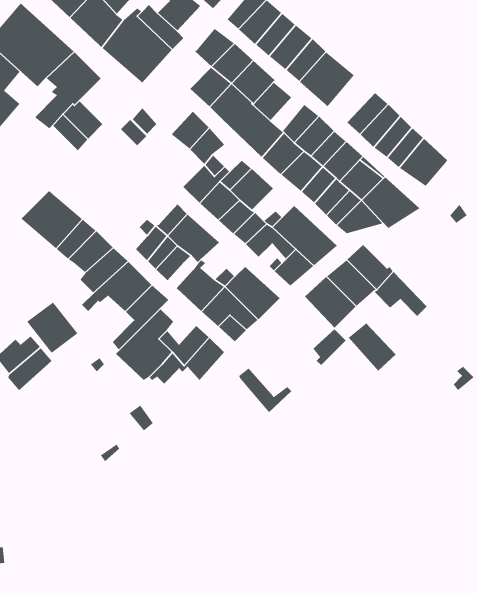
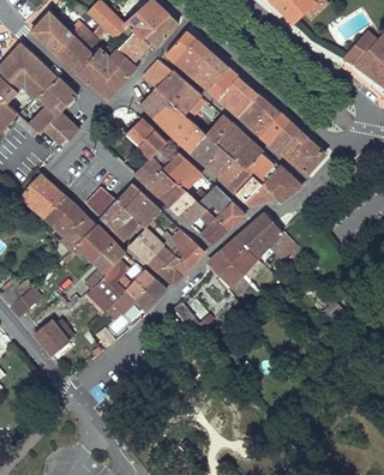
building: none -> [238,94,271,127]
building: [26,301,79,354] -> [34,319,71,356]
building: [348,322,397,371] -> [208,251,242,285]

